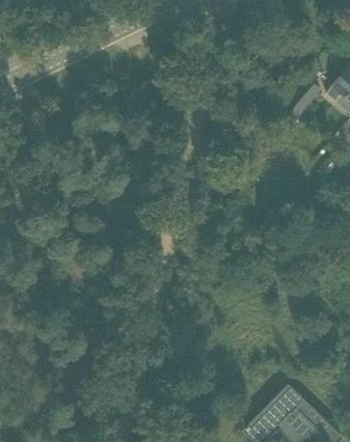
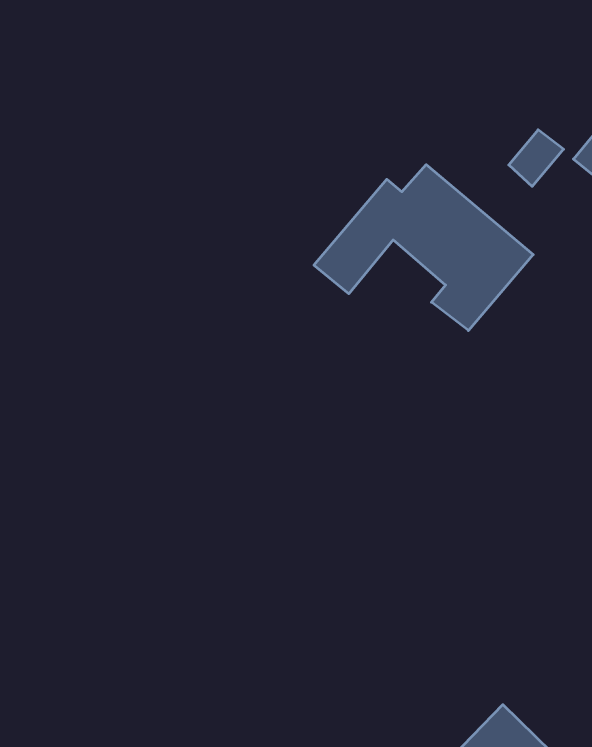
building: none -> [314,165,533,331]

